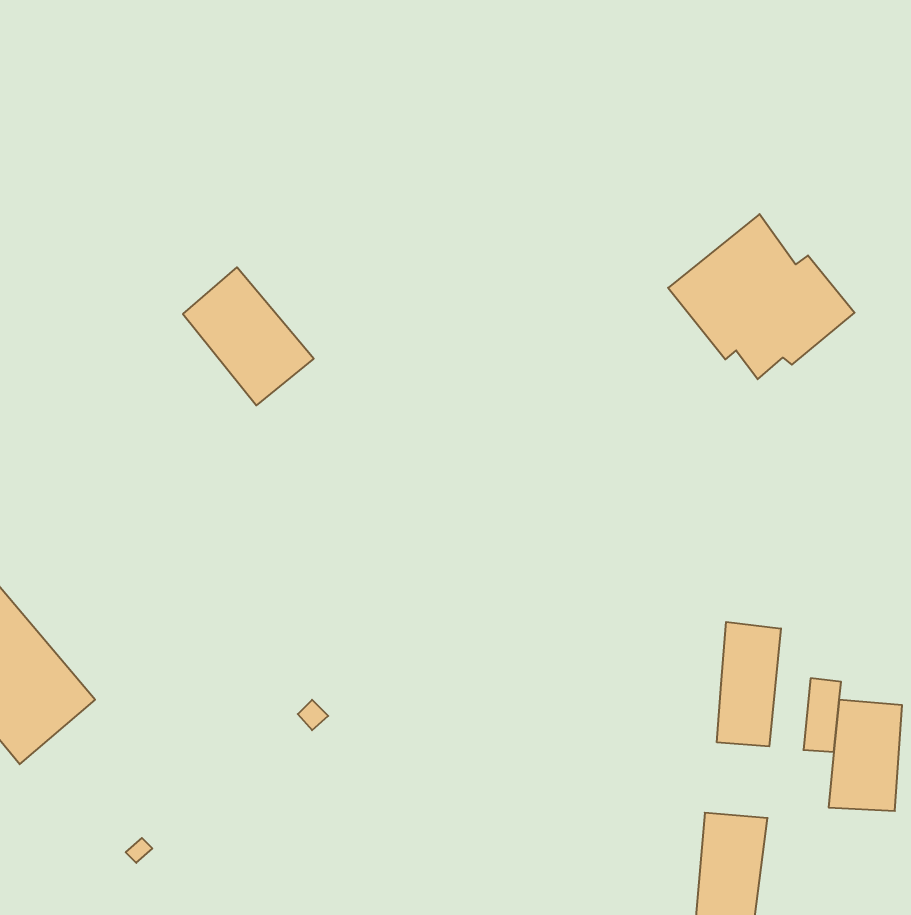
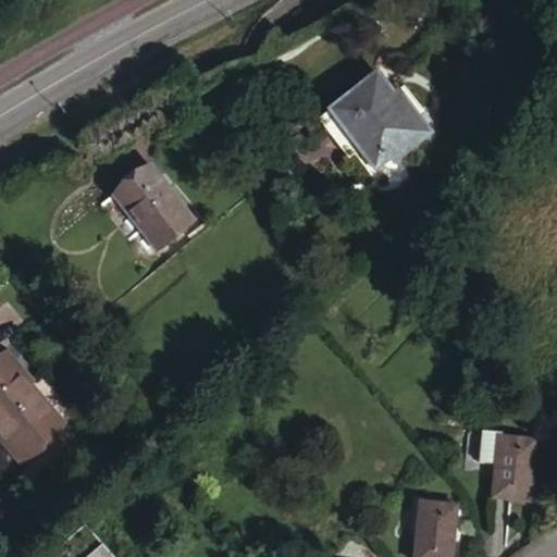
building: [668,214,855,379] -> [319,72,432,172]
building: [717,622,781,746] -> none

